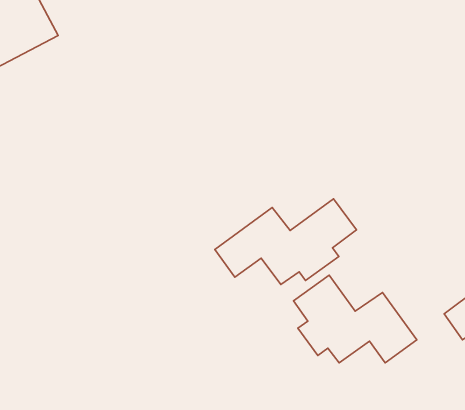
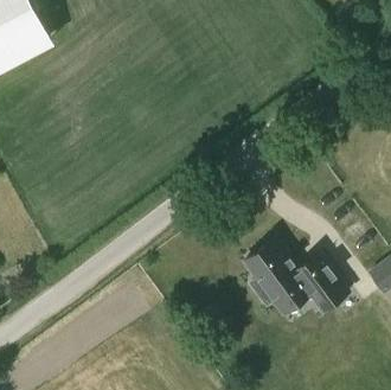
building: [215,199,357,284] -> none

